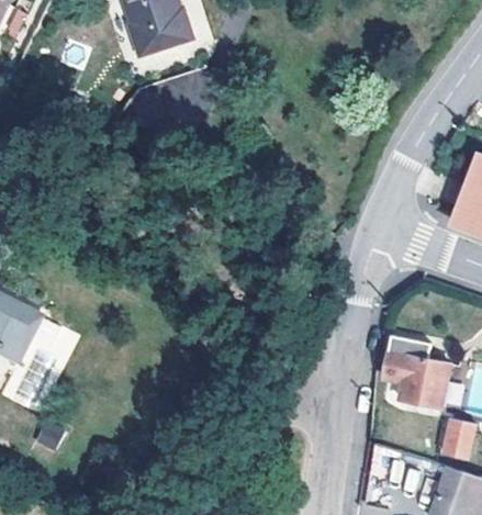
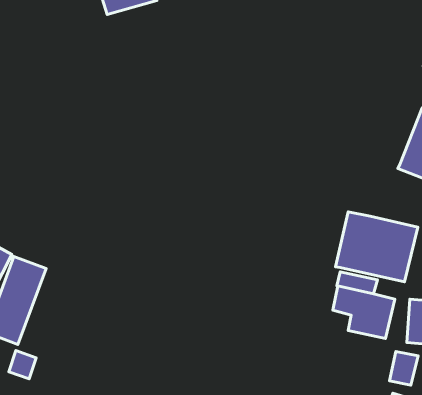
building: none -> [335,212,418,282]

